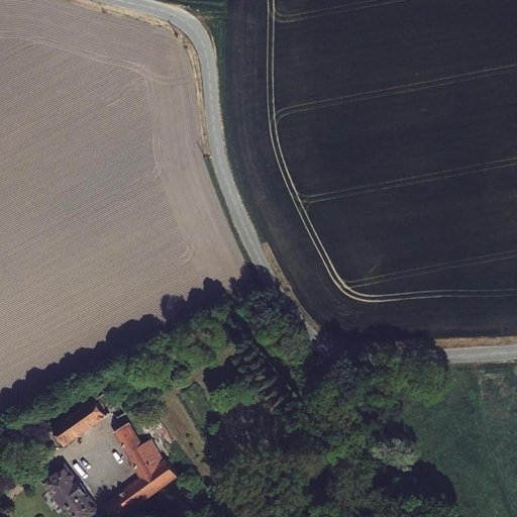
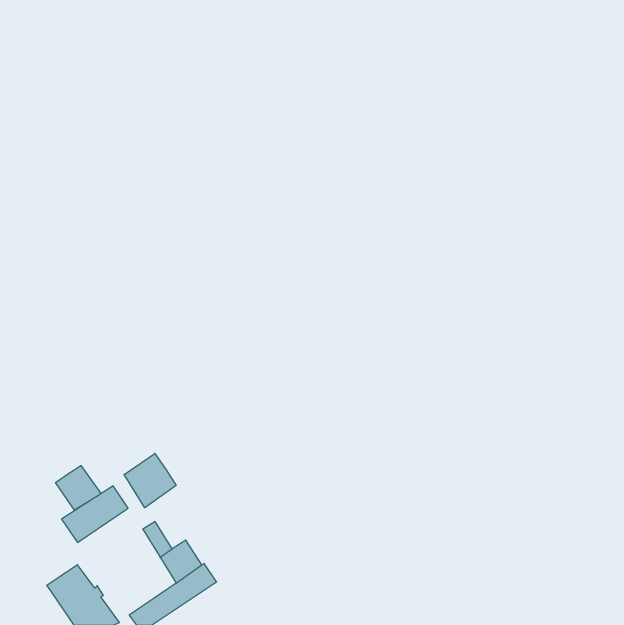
building: none -> [124,453,176,508]
building: none -> [56,466,101,510]

